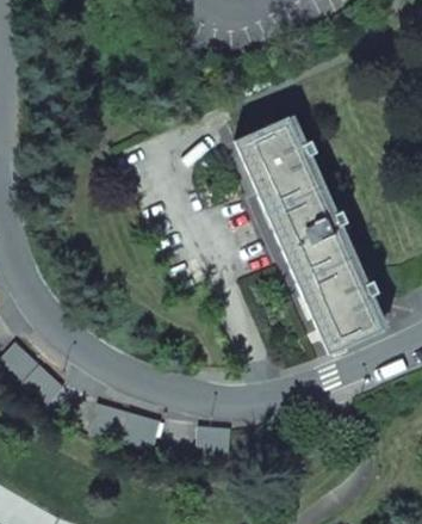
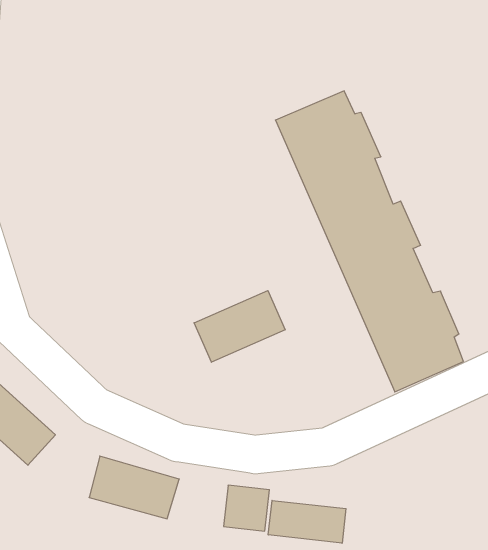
building: none -> [194,291,285,362]
building: none -> [268,500,346,543]

